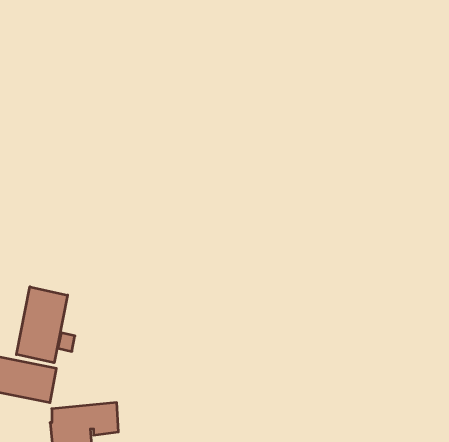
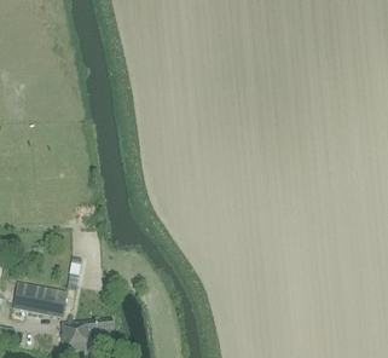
building: [16,287,68,363] -> none

